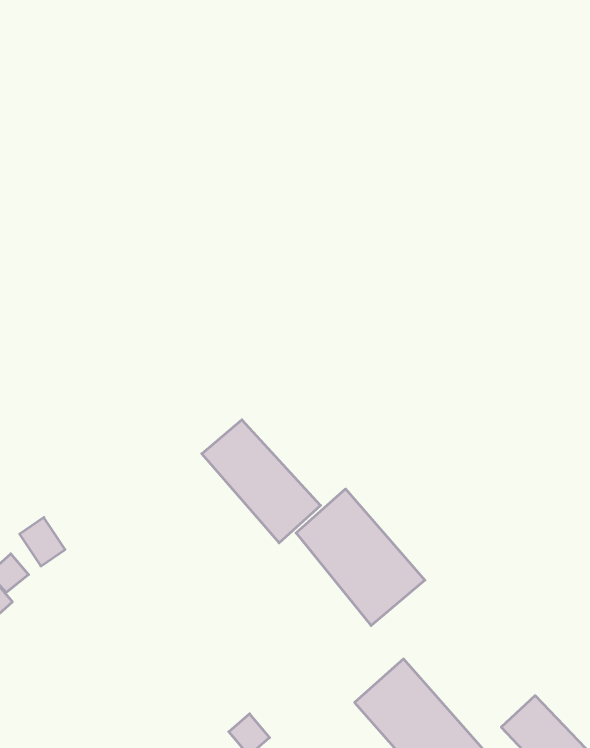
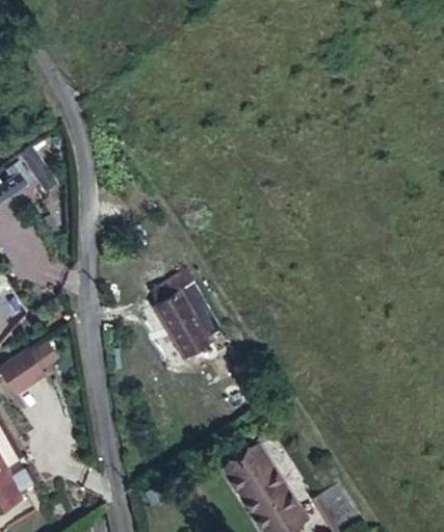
building: [296,489,425,626] -> none

